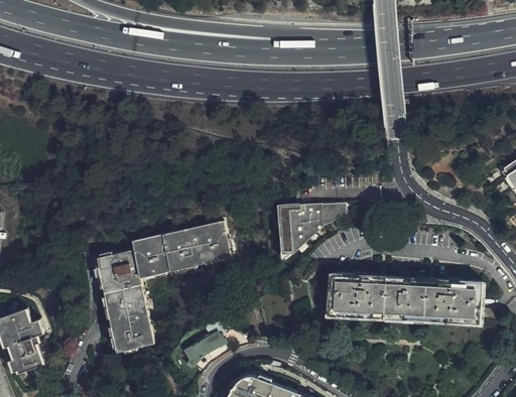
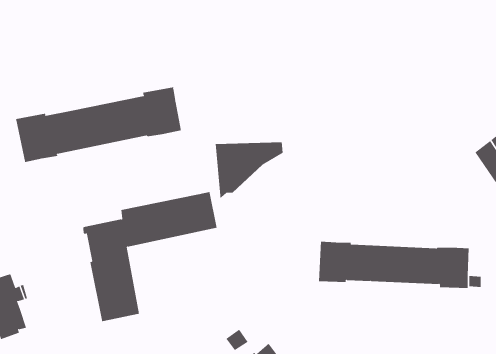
building: none -> [16,86,182,163]
building: [283,201,352,258] -> [215,142,283,199]
building: [184,330,225,365] -> none

